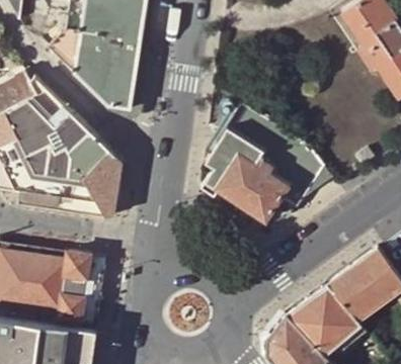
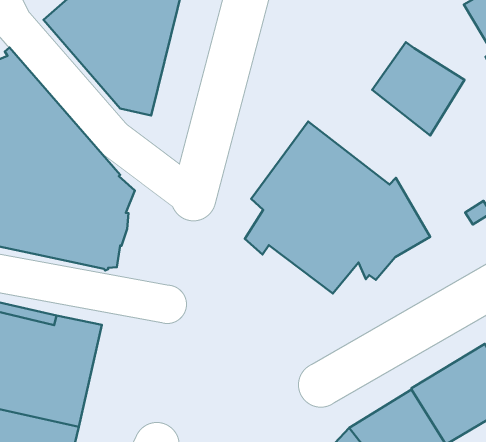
building: none -> [372,42,464,135]

